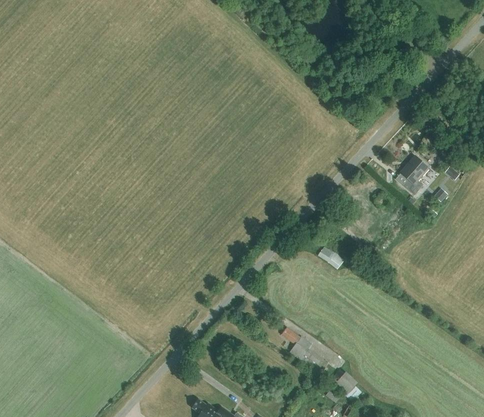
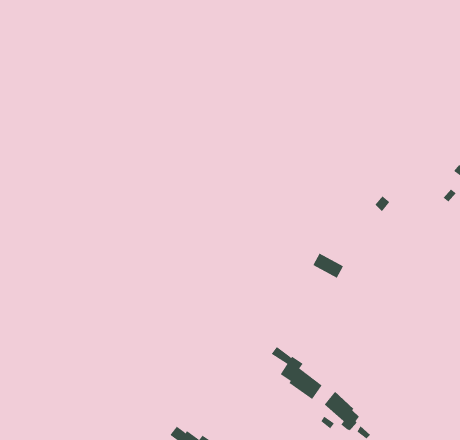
building: [402,156,429,195] -> none

